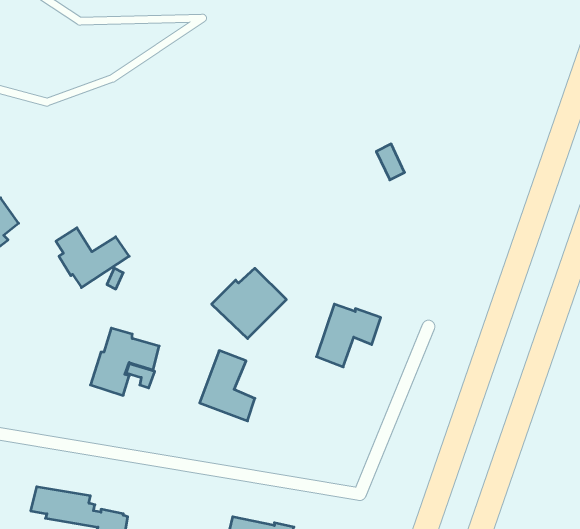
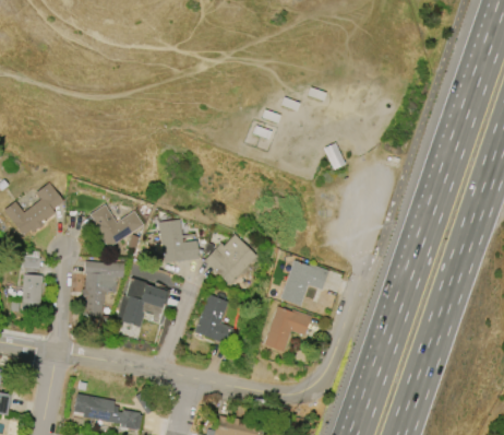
building: none -> [158,220,200,262]
building: none -> [81,261,125,316]
building: none -> [263,306,311,351]

